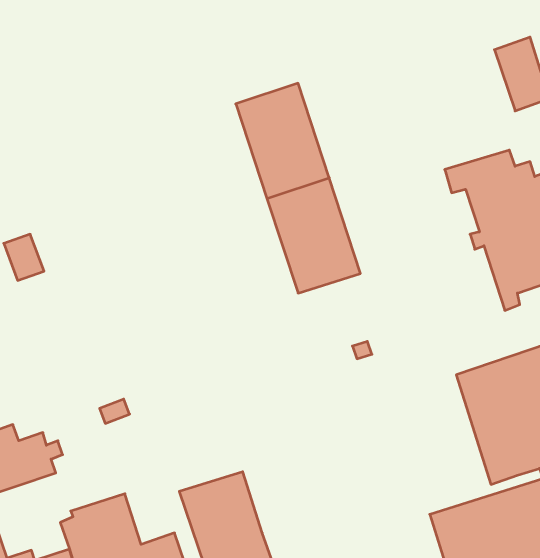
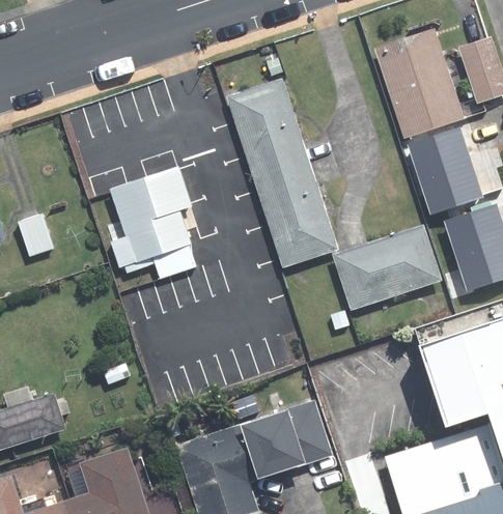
building: none -> [375,30,472,156]
building: none -> [109,166,196,279]
building: none -> [332,226,440,310]
building: none -> [232,408,332,483]

